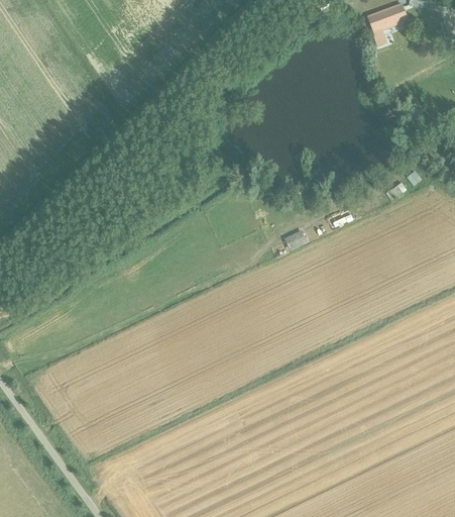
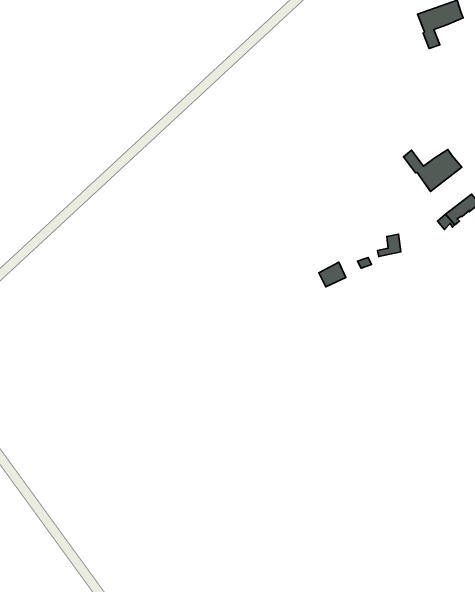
building: none -> [404,149,462,191]

